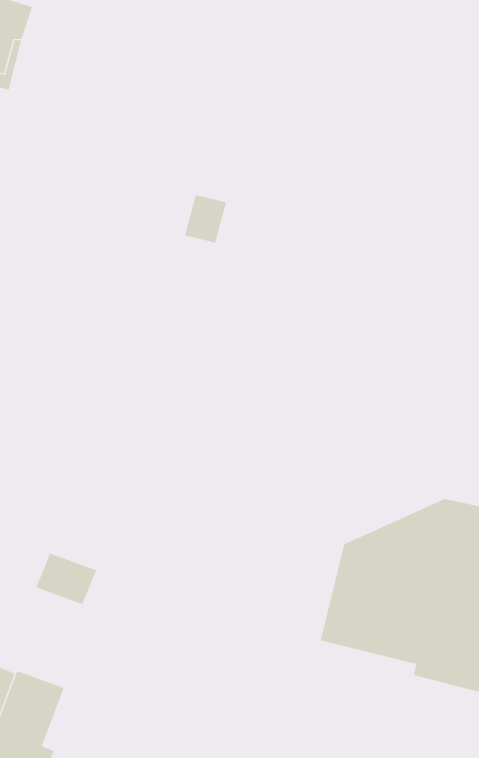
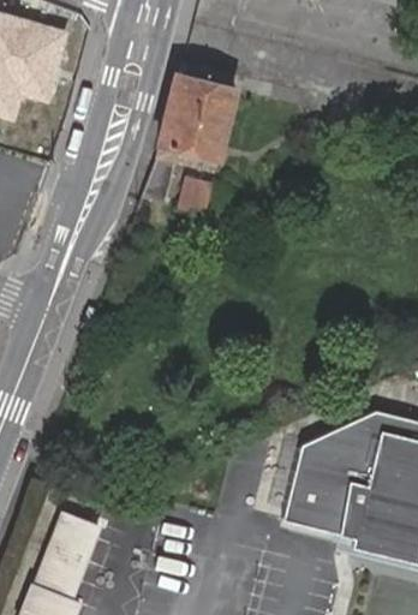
building: none -> [144,76,238,207]
building: [35,553,97,605] -> [54,515,101,555]

